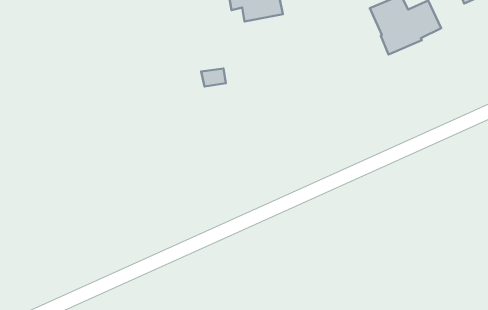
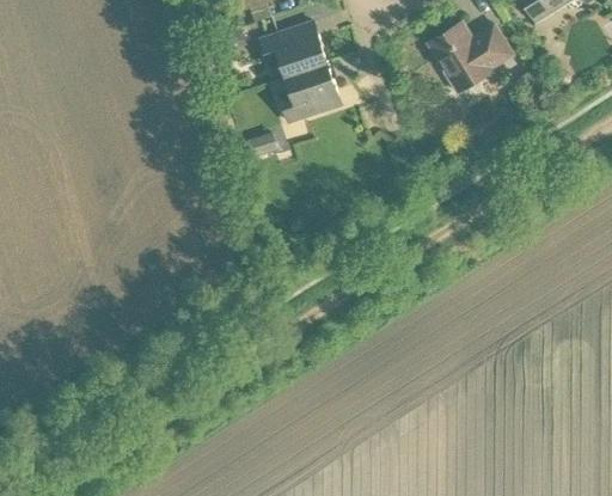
building: none -> [279,62,341,122]

